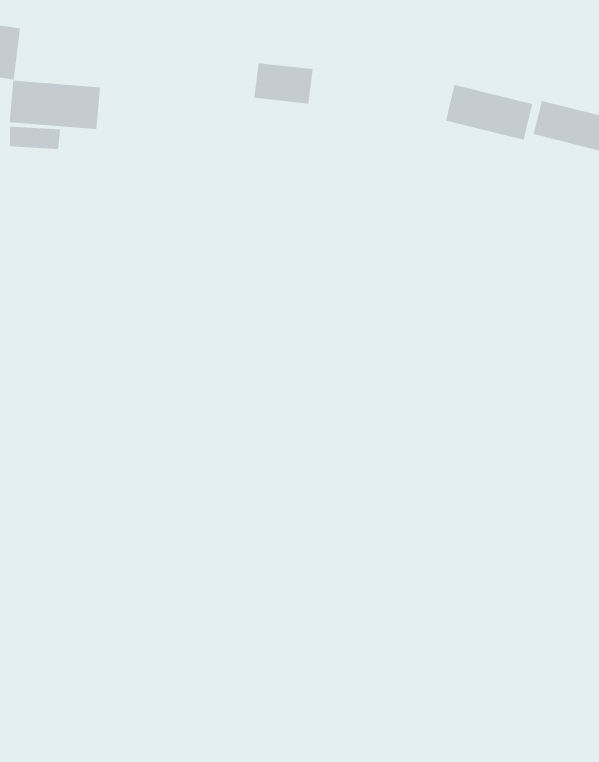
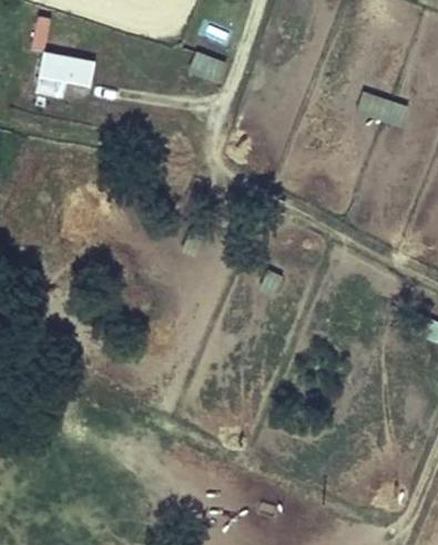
building: [445,84,533,141] -> none

